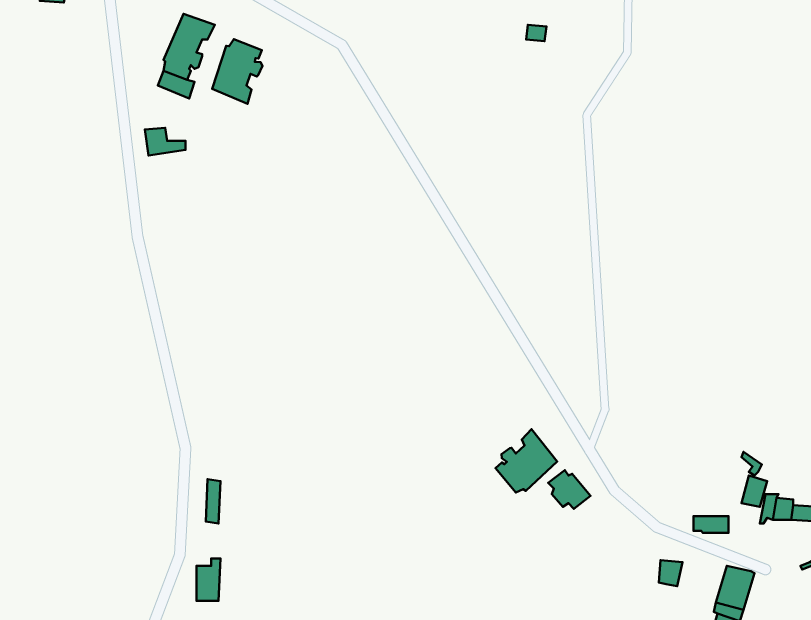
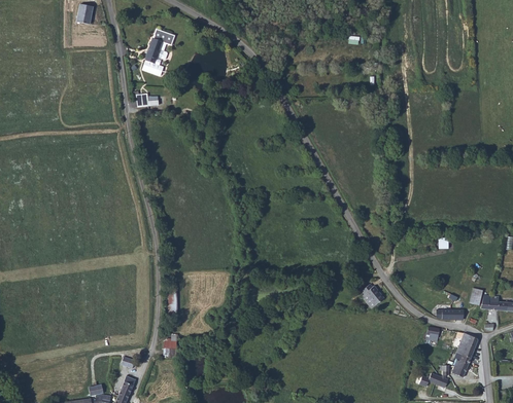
building: [212,39,263,104] -> none
building: [495,429,557,493] -> none

